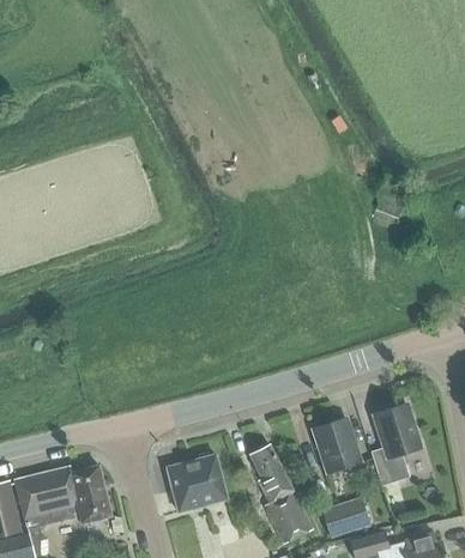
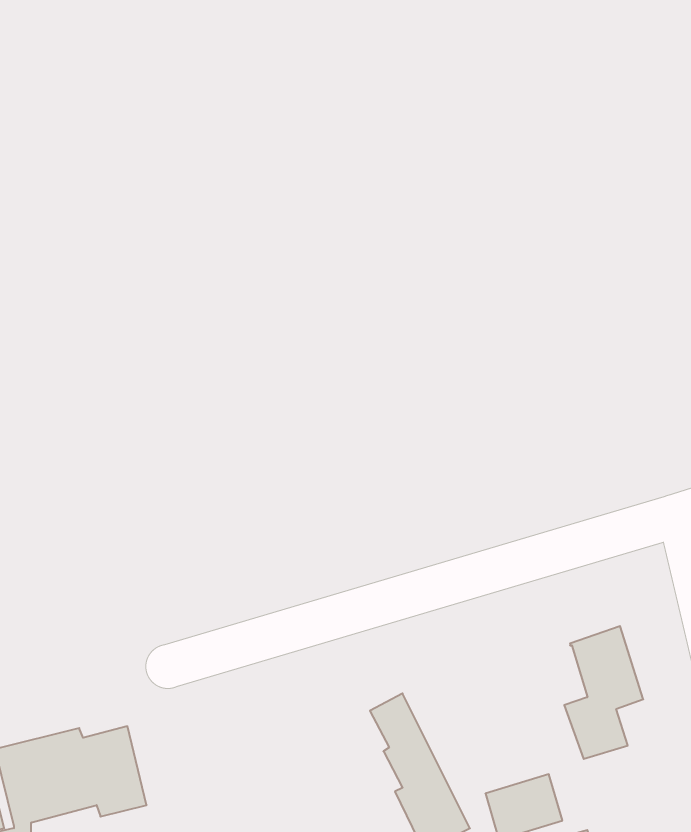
building: [314,418,360,474] -> none
building: [167,451,227,512] -> none

